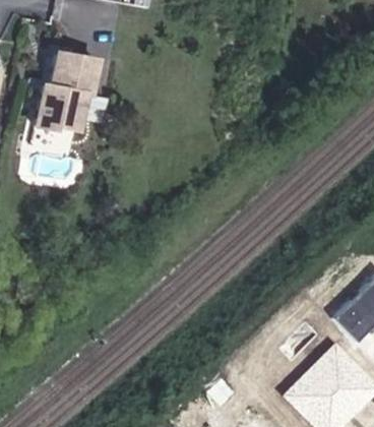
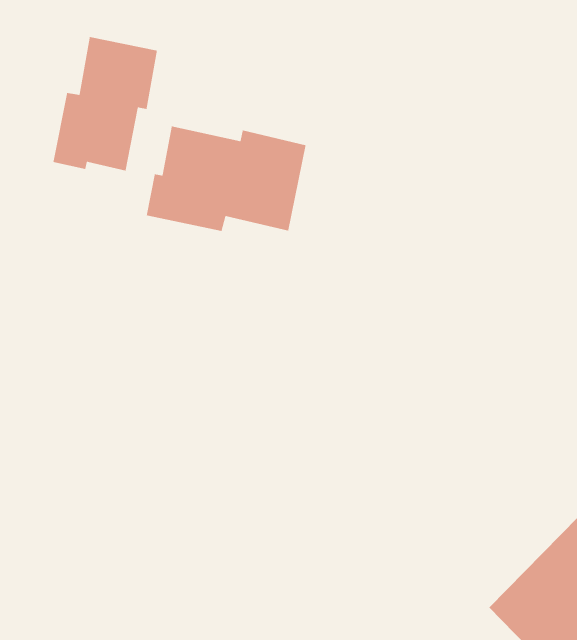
building: none -> [146,126,307,232]

